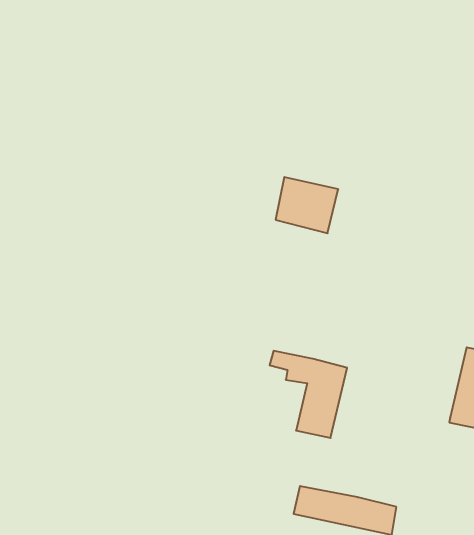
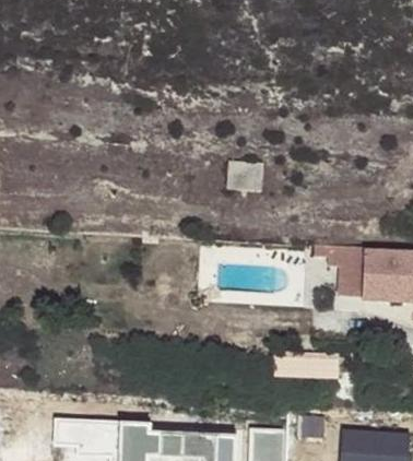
building: [270,351,347,438] -> [312,247,363,297]

